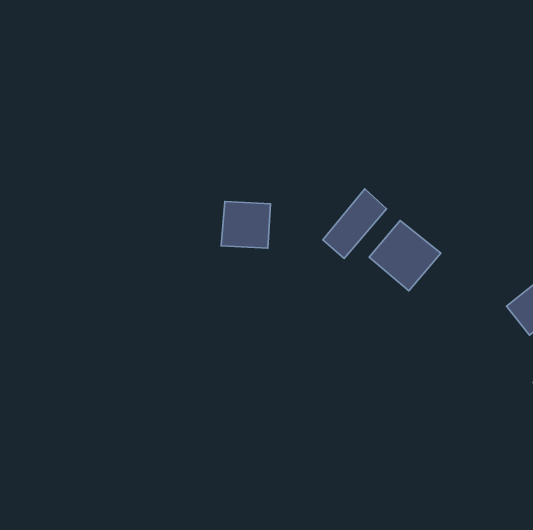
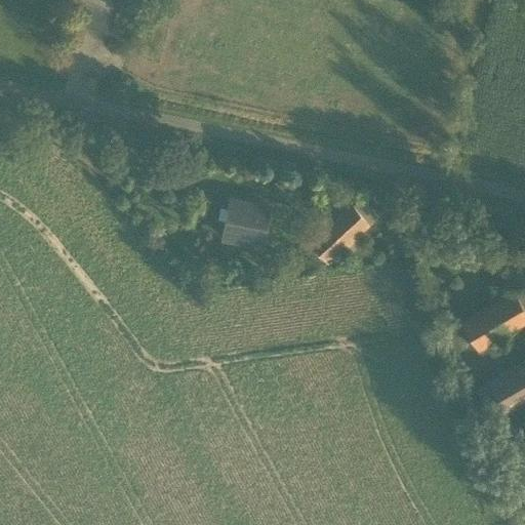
building: [369,221,441,291] -> none

